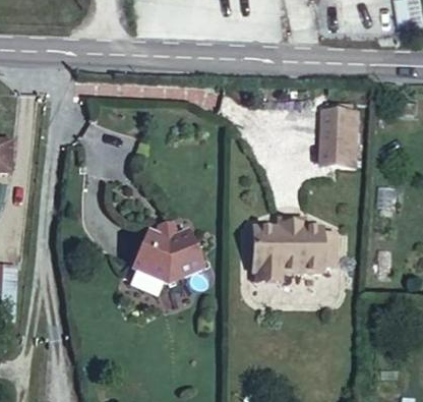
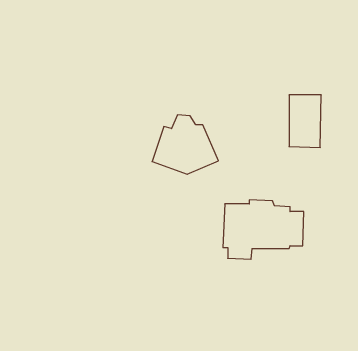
building: [130,214,199,276] -> [152,115,218,174]

